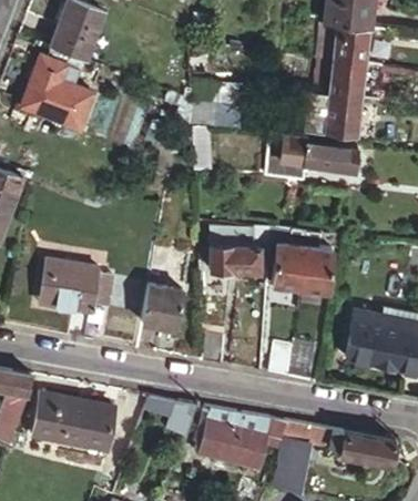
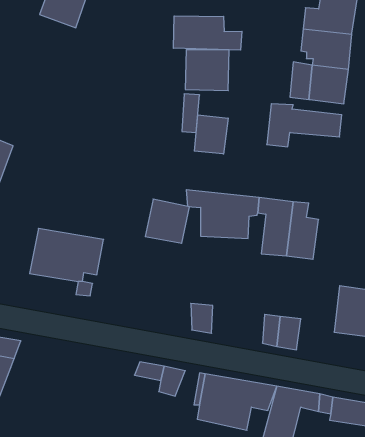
building: none -> [173,16,242,50]
building: [20,57,92,129] -> none
building: none -> [194,115,228,154]
building: [142,289,186,334] -> [145,199,189,243]
building: [35,396,118,448] -> none

